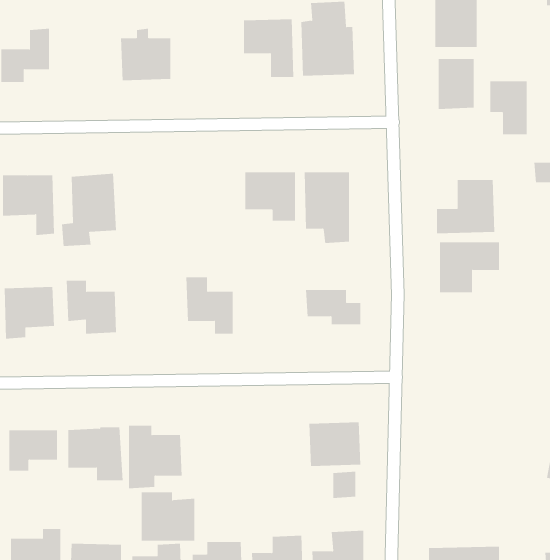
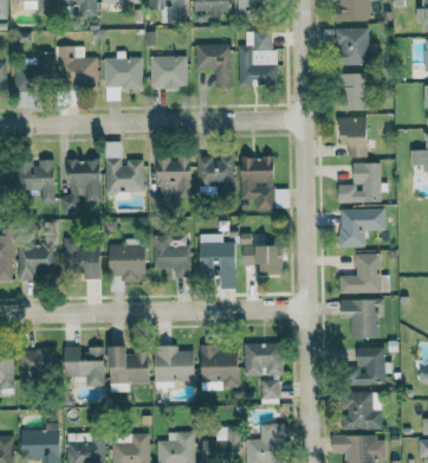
building: none -> [58,46,98,85]
building: none -> [150,56,188,89]
building: [489,81,528,135] -> [339,117,368,157]
building: none -> [105,142,143,194]
building: none -> [157,156,190,197]
building: none -> [199,233,236,289]
building: none -> [109,239,144,283]
building: none -> [339,253,388,294]
building: none -> [341,300,380,339]
building: none -> [201,345,239,390]
building: none -> [355,347,385,386]
building: none -> [342,392,382,431]
building: [141,492,195,541] -> [155,346,195,382]

